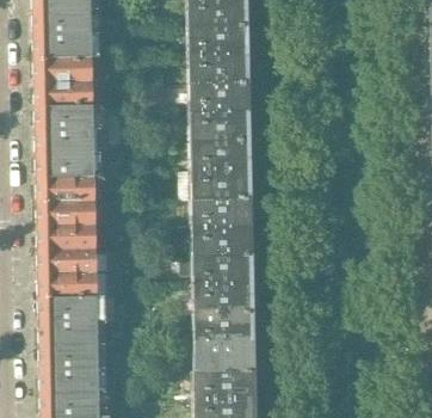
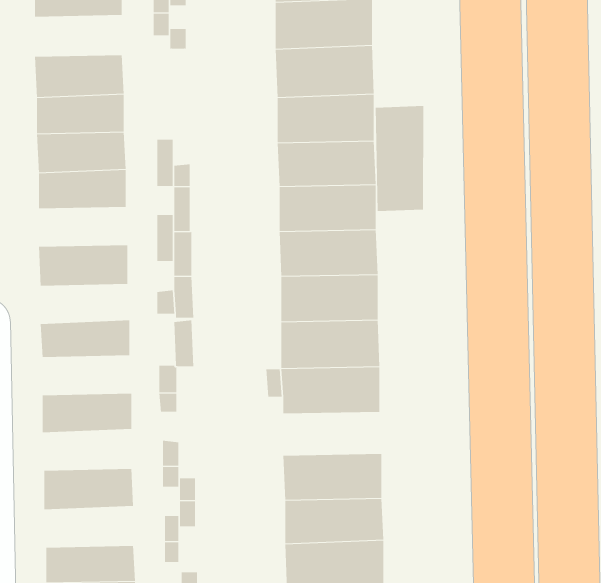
building: [33,35,90,61] -> none
building: none -> [375,105,424,212]
building: [36,156,93,182] -> none
building: [37,205,94,230] -> none
building: [38,251,95,276] -> none
building: [191,287,254,314] -> none
building: [38,297,95,324] -> none
building: [39,346,97,373] -> none

